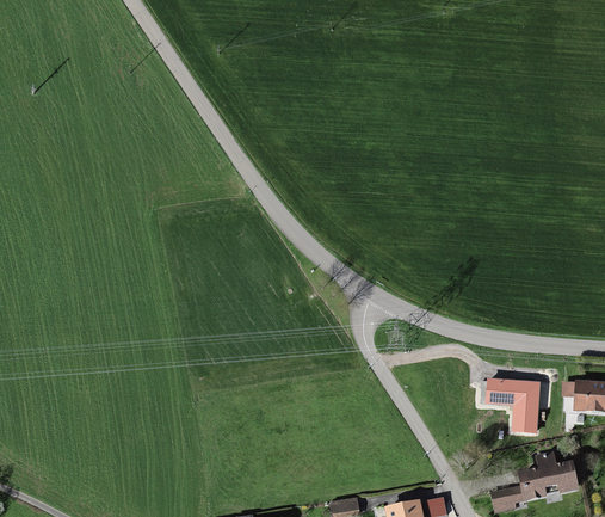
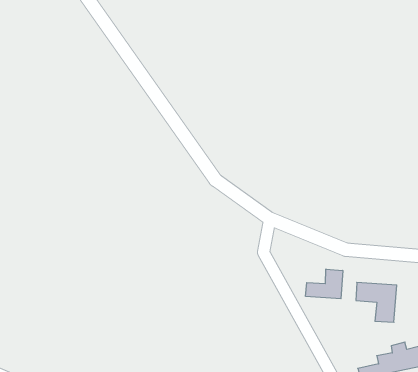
building: none -> [306,269,343,299]

